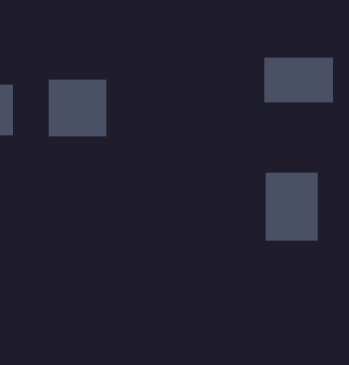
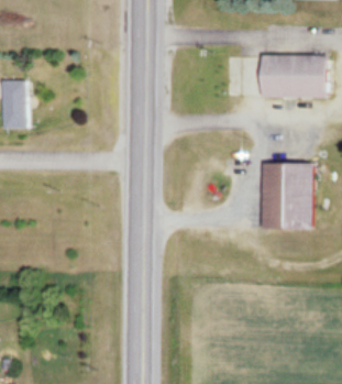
building: [48,79,107,137] -> none

